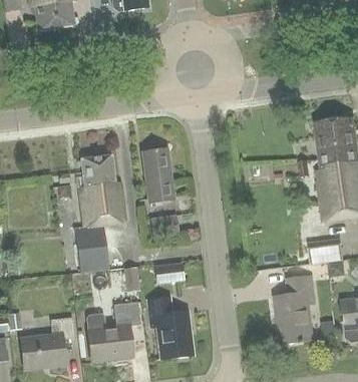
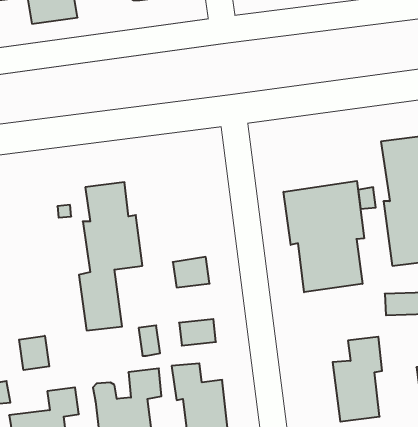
building: [140,146,172,202] -> none
building: none -> [284,181,364,292]
building: none -> [19,336,49,370]

